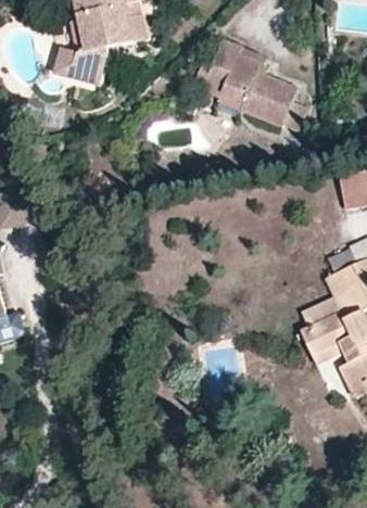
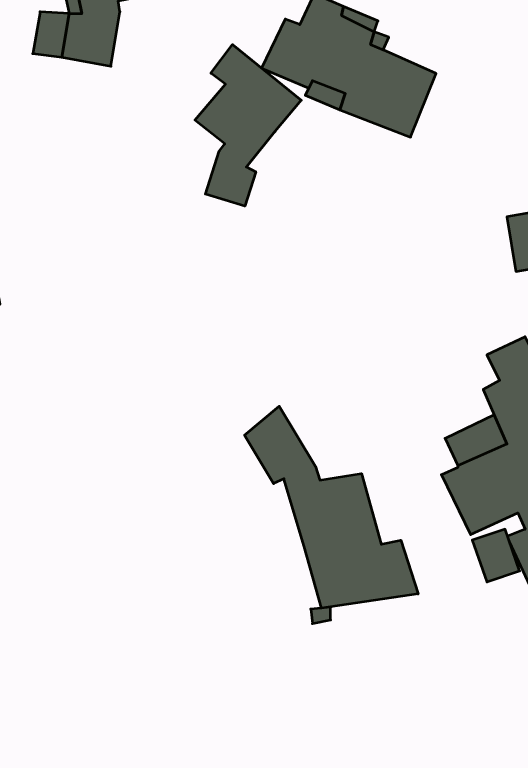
building: none -> [195,45,301,206]
building: none -> [245,406,418,608]

